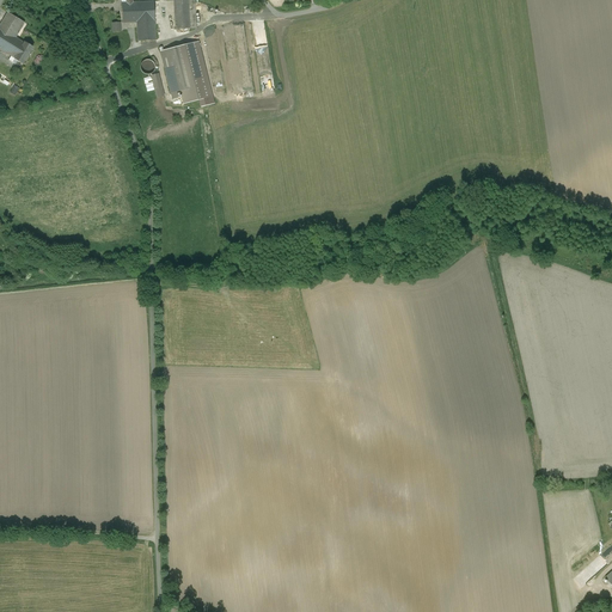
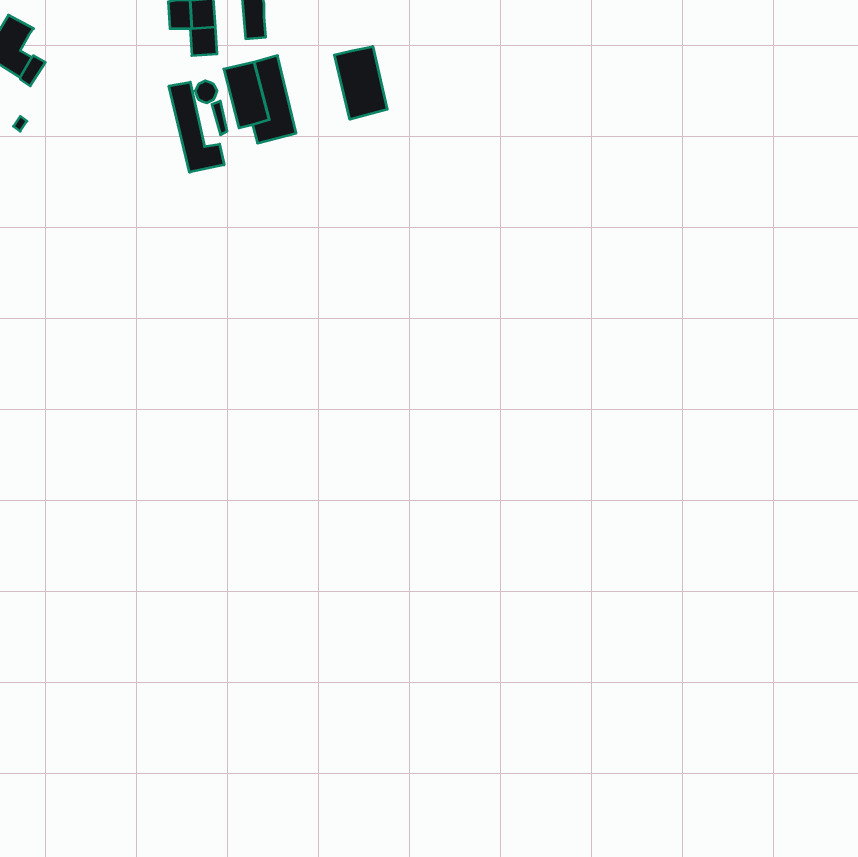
building: none -> [334,46,387,119]
building: none -> [169,82,224,172]

